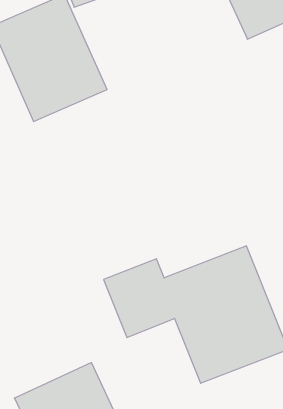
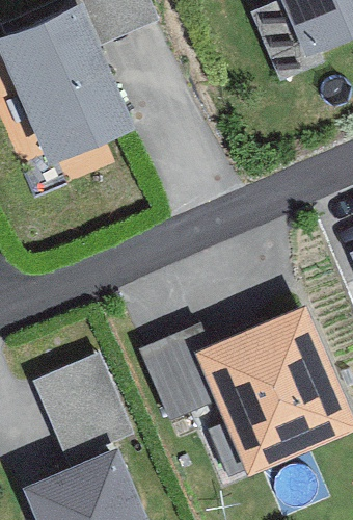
building: none -> [22,350,123,451]

